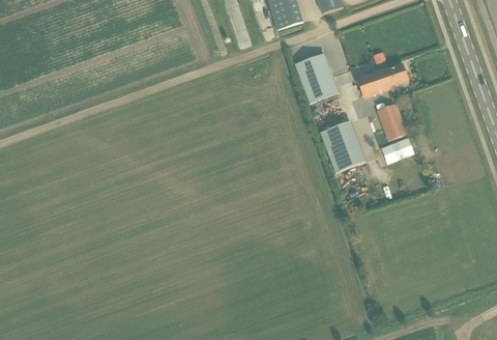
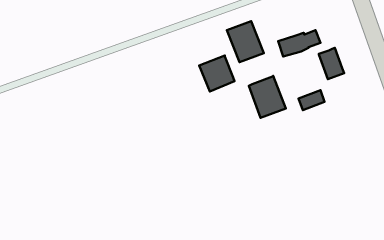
building: none -> [199,55,234,91]
building: [376,103,407,141] -> [319,48,344,79]

